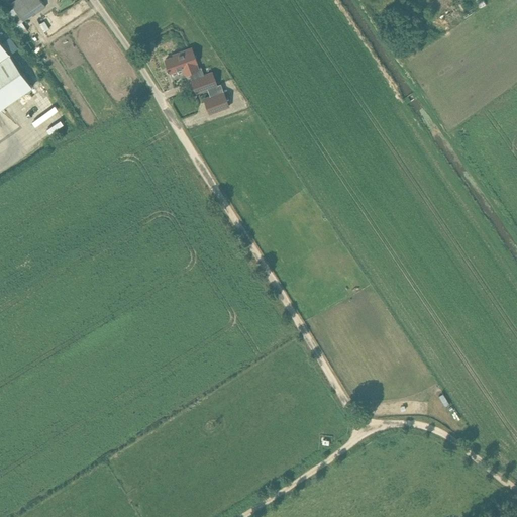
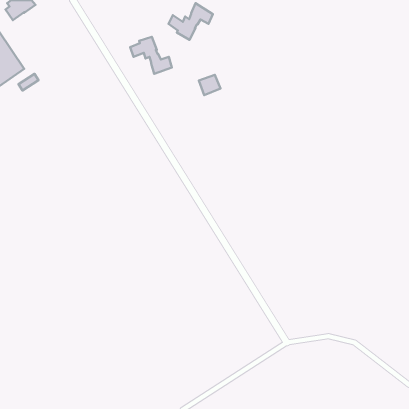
building: none -> [169,3,213,40]
building: [201,91,228,116] -> [199,75,220,95]

